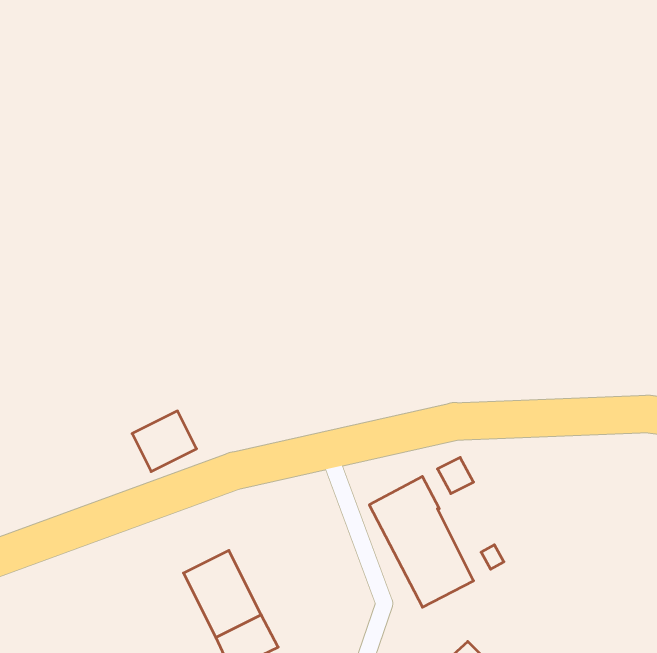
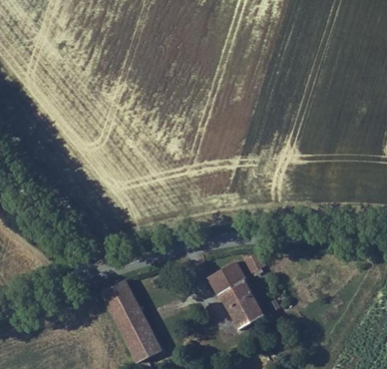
building: [132,411,197,472] -> [100,280,134,312]

